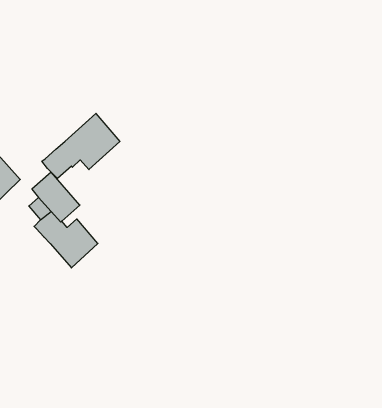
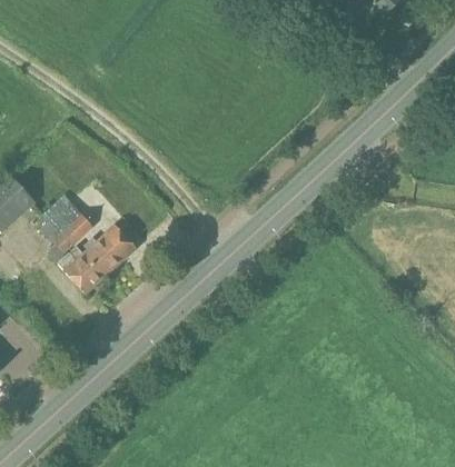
building: [42,113,120,178] -> none
building: none -> [90,223,136,269]

